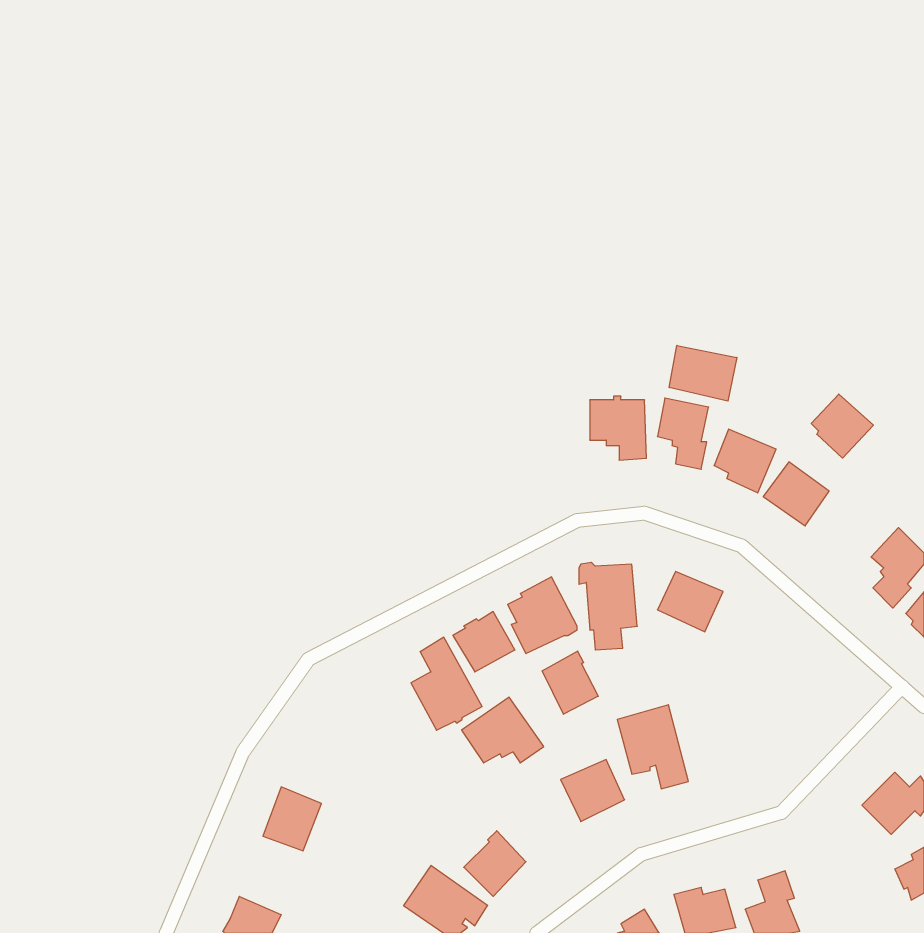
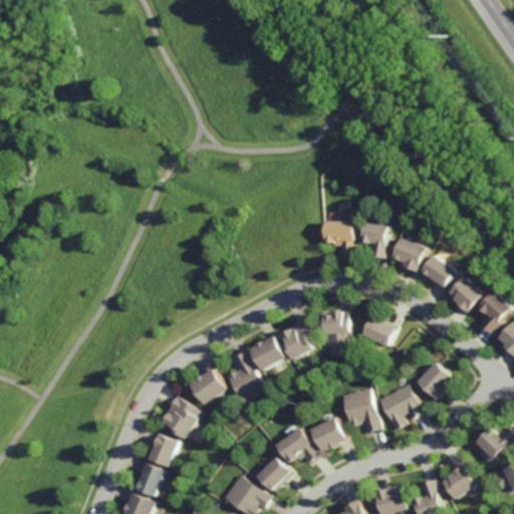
building: [669,345,737,401] -> none
building: [811,394,873,458] -> [450,276,484,311]
building: [542,651,598,714] -> none
building: none -> [416,361,451,399]
building: none -> [188,368,225,406]
building: [462,697,544,763] -> [273,427,318,463]
building: none -> [377,384,422,430]
building: none -> [162,397,202,440]
building: none -> [134,463,164,498]
building: none -> [440,465,474,500]

